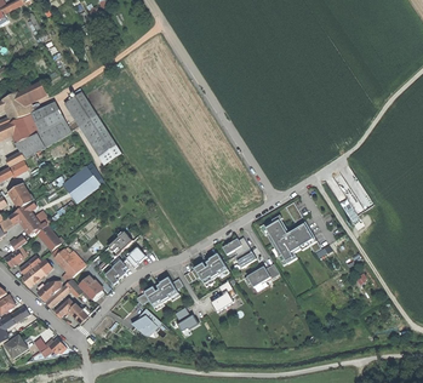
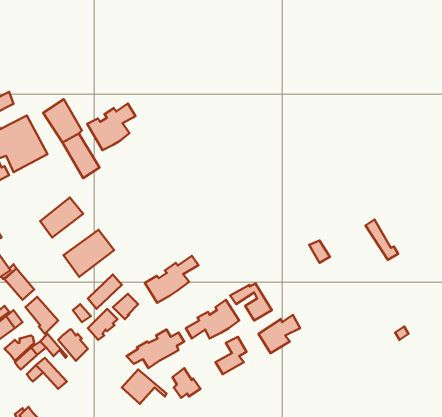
building: none -> [87,104,136,150]
building: none -> [64,230,114,277]
building: [259,215,321,265] -> none
building: none -> [145,256,198,303]

